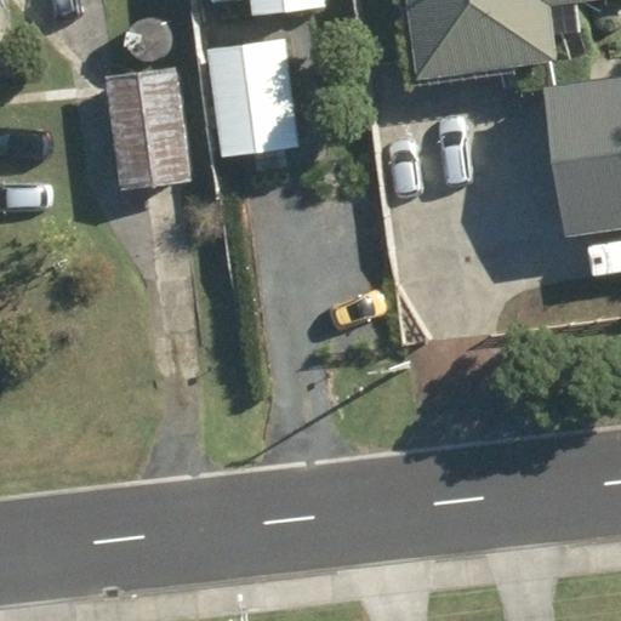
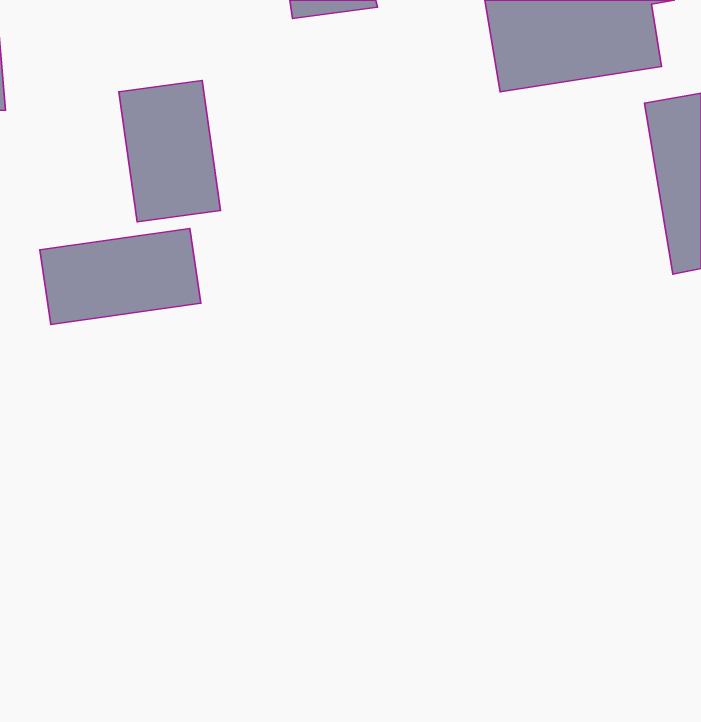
building: [203,38,295,158] -> none
building: none -> [40,228,201,324]

